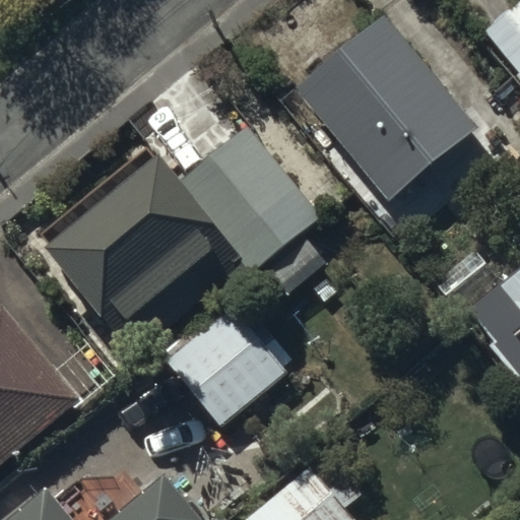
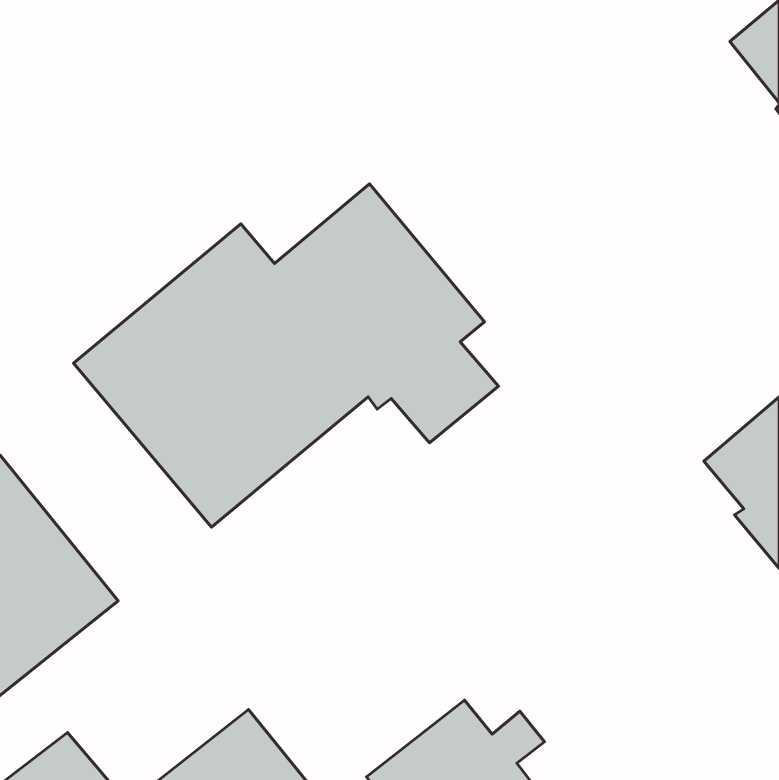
building: [294,12,475,199] -> none
building: [162,304,286,429] -> none

